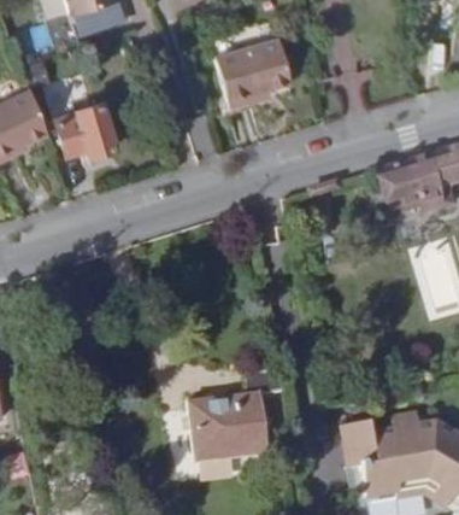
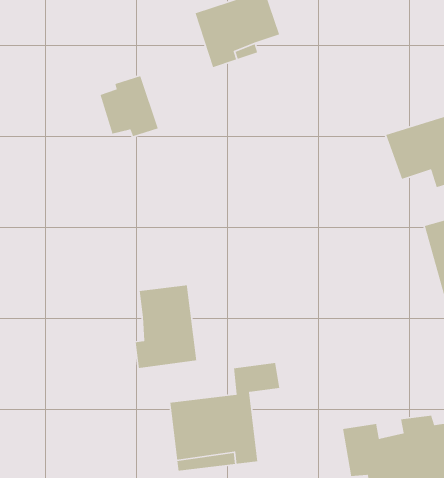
building: [65,100,117,154] -> [99,75,159,137]
building: none -> [135,284,197,369]

